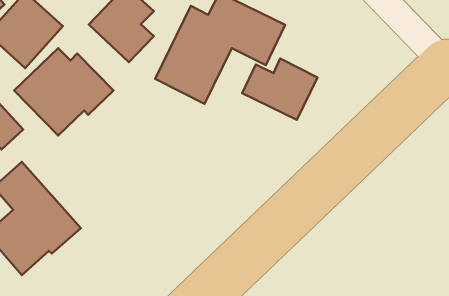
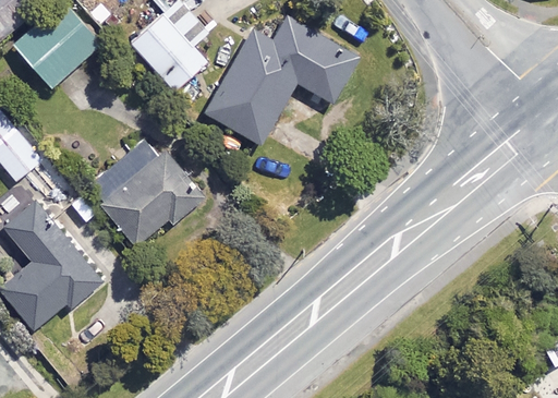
building: [14,48,114,135] -> [87,143,204,245]
building: [242,59,318,120] -> none

